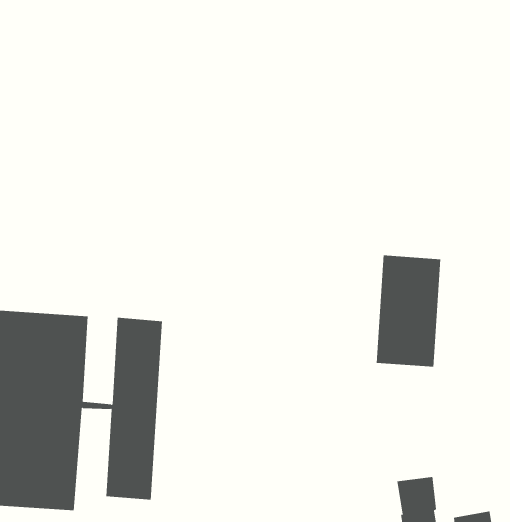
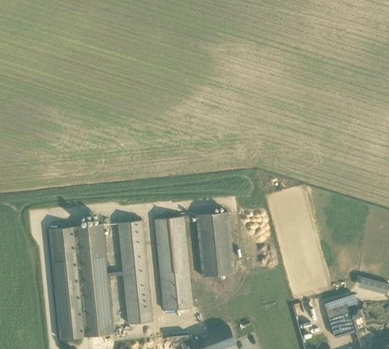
building: [376,255,441,367] -> [195,213,234,277]
building: none -> [153,217,192,311]

